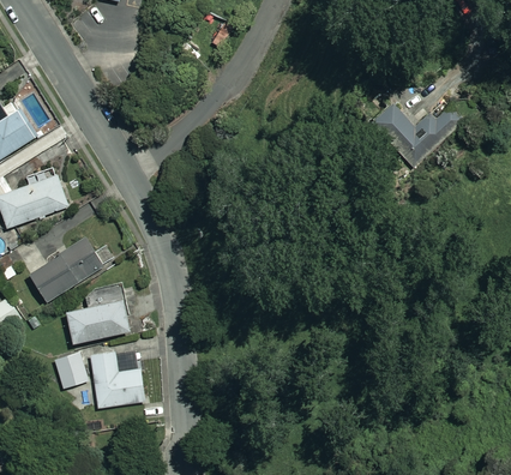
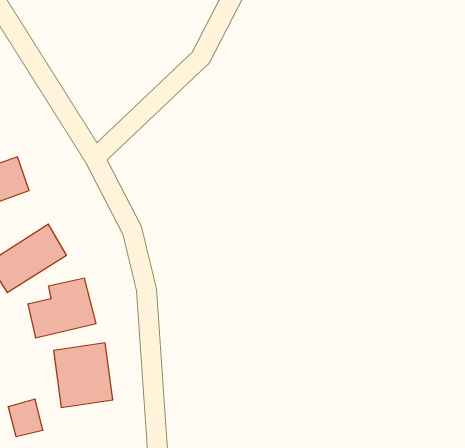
building: [372,101,463,167] -> none
building: [55,353,88,387] -> [8,399,43,437]

